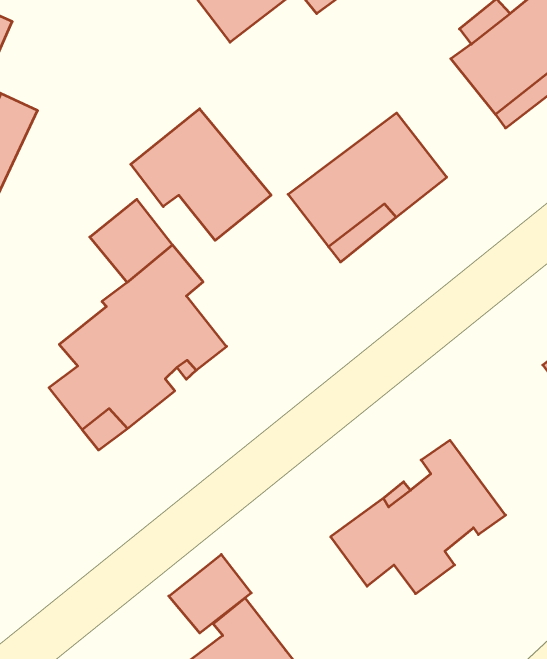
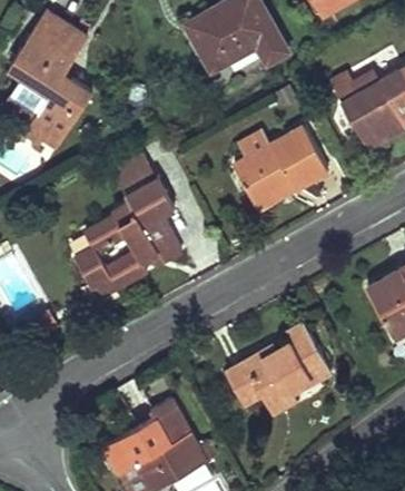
building: [131,109,271,240] -> none
building: [169,554,251,633] -> none

